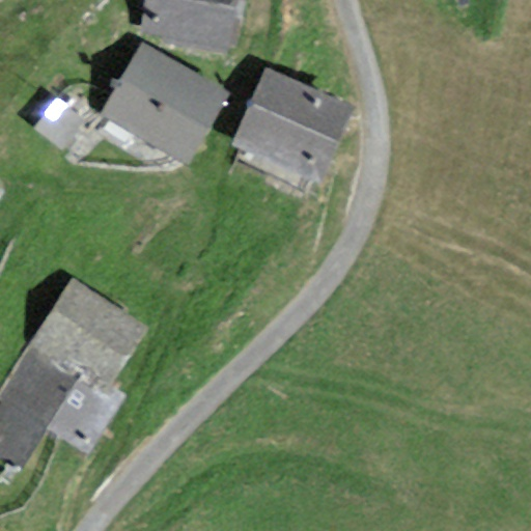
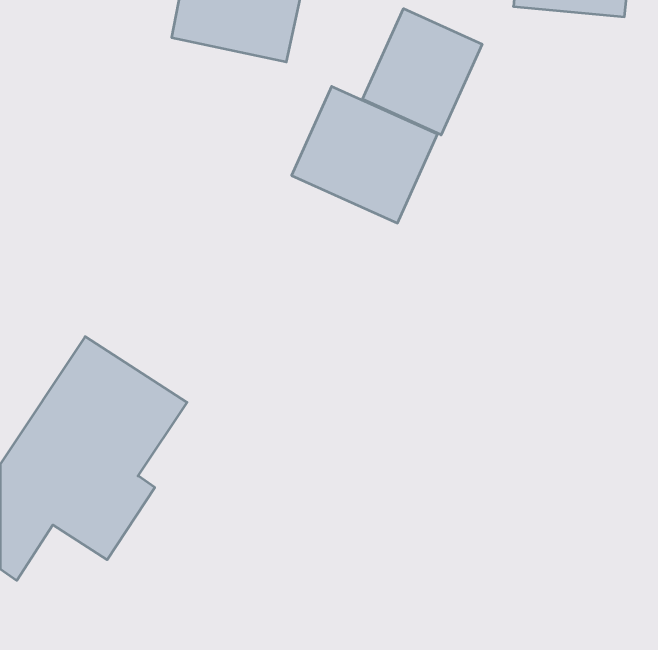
building: none -> [363,9,482,135]
building: [99,43,227,164] -> none

